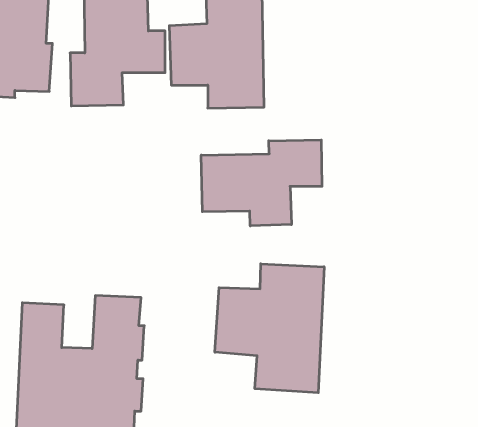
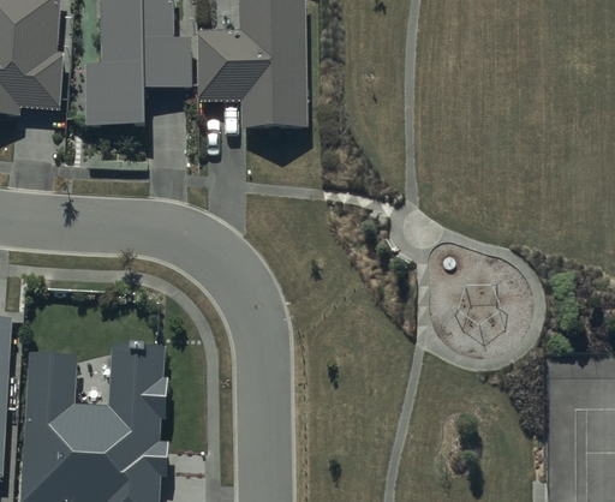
building: [201,140,322,226] -> none
building: [215,264,324,393] -> none

